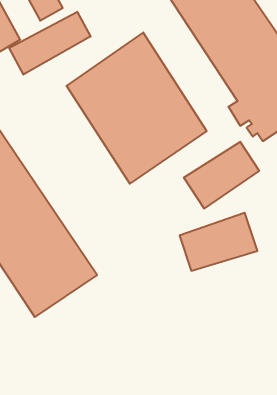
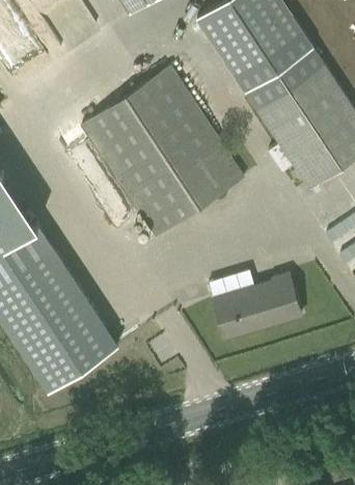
building: [9,12,91,75] -> none
building: [184,142,259,209] -> none

